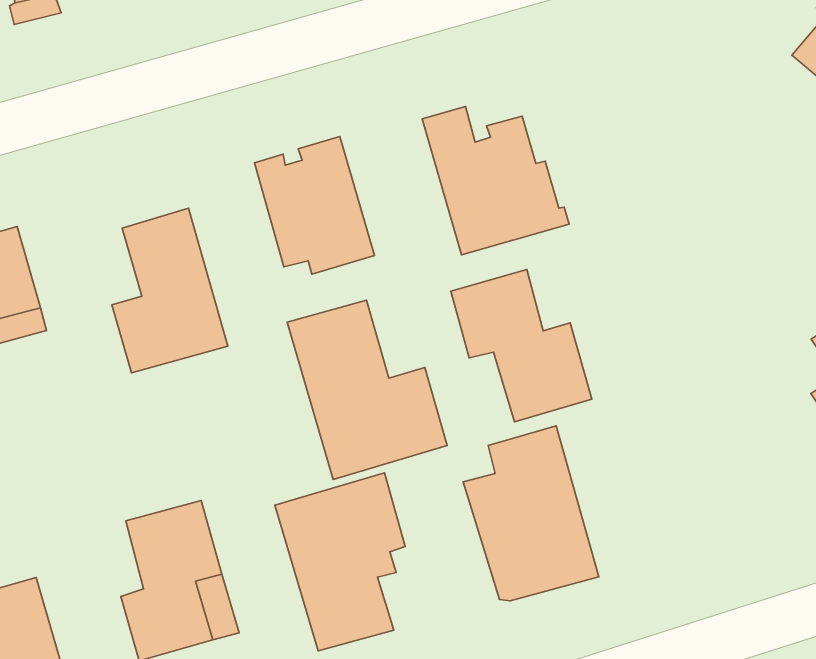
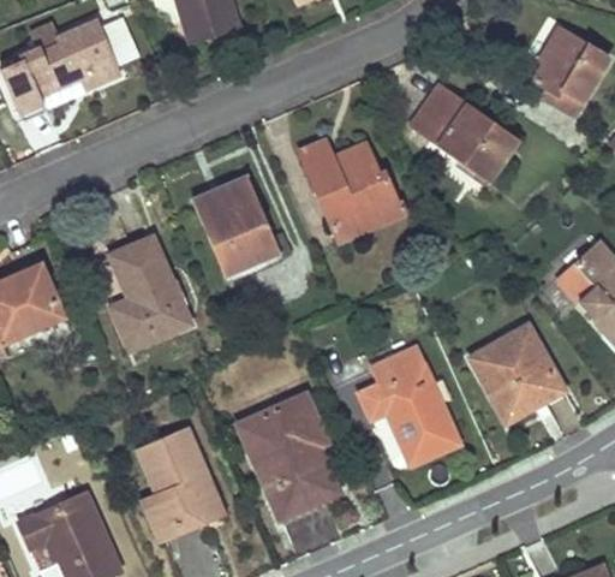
building: none -> [412,84,515,179]
building: [451,270,592,422] -> none
building: [287,300,447,480] -> none
building: none -> [471,325,565,409]

